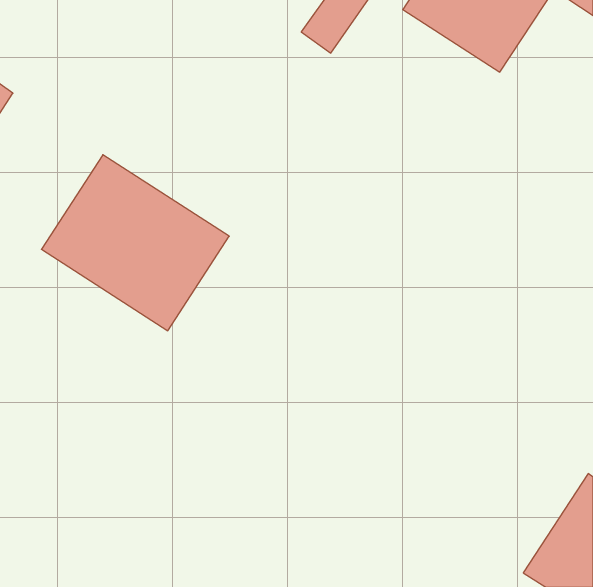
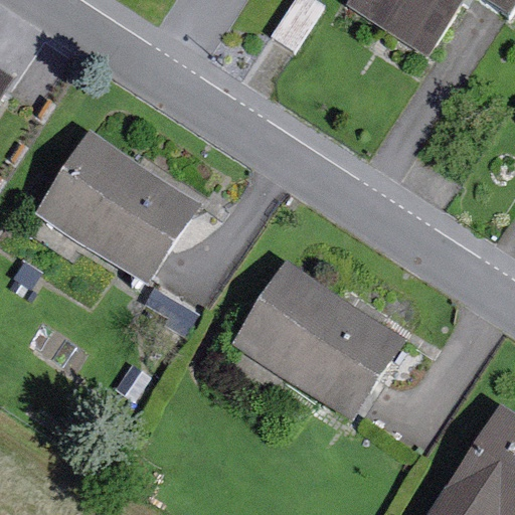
building: none -> [238,263,404,417]

